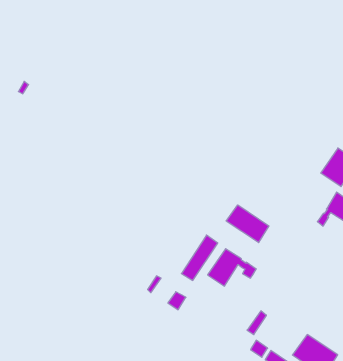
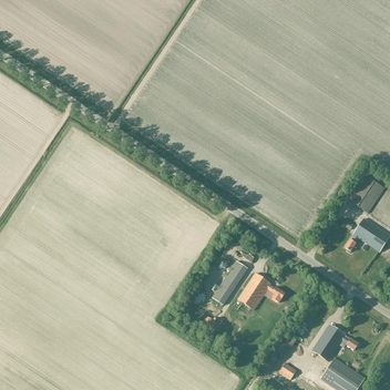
building: [226,205,269,243] -> none
building: none -> [311,324,358,360]

